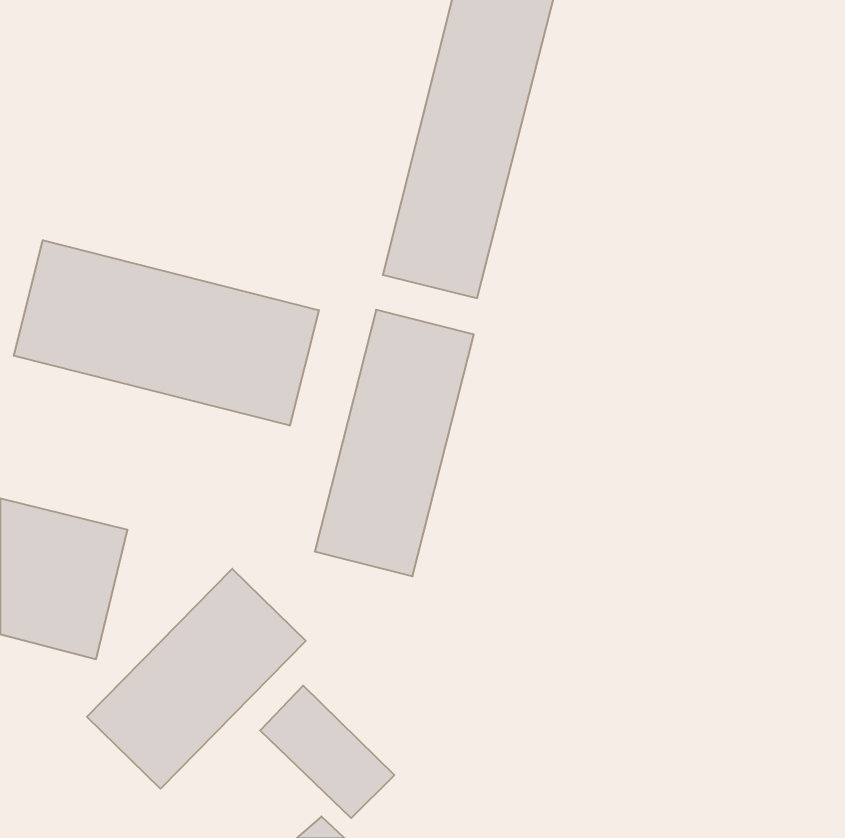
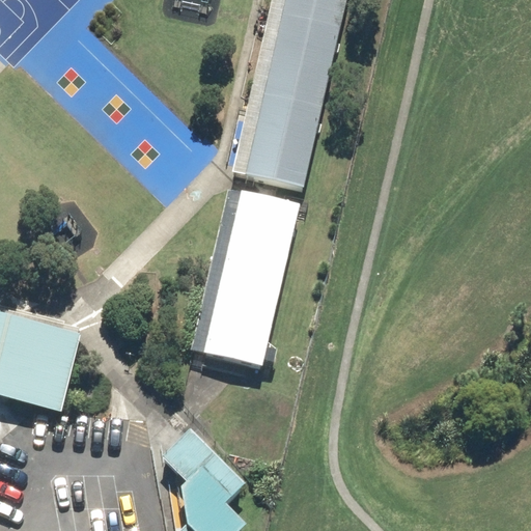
building: [14,240,319,426] -> none
building: [87,569,306,789] -> none

